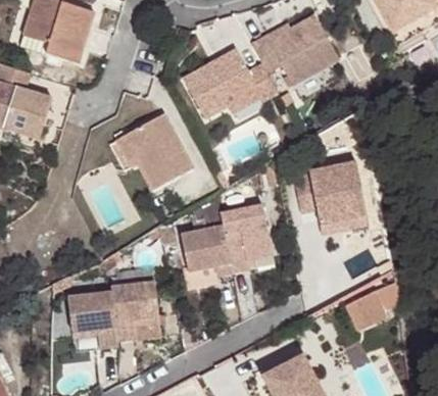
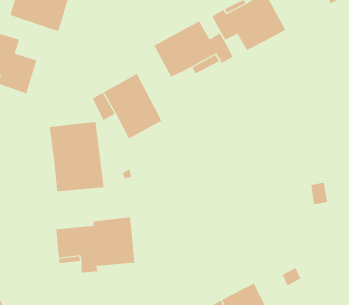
building: [294,163,367,225] -> none
building: none -> [49,121,104,192]
building: [185,191,276,289] -> none

